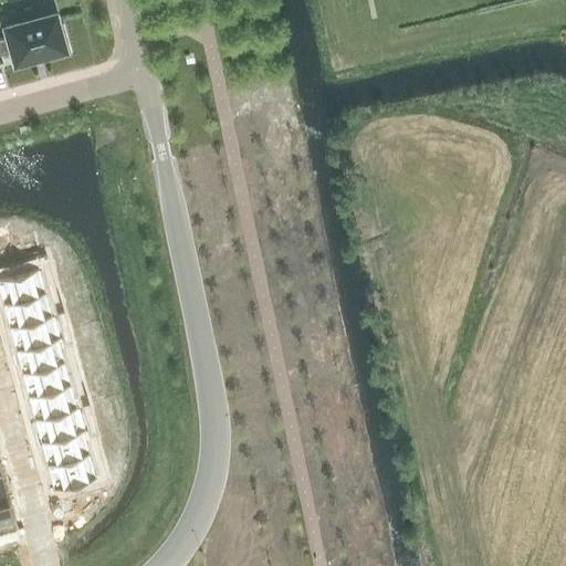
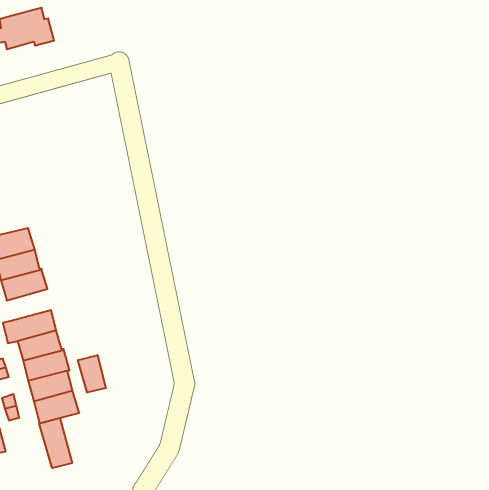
building: [8,331,59,367] -> none
building: none -> [78,355,106,393]
building: none -> [39,418,72,468]

